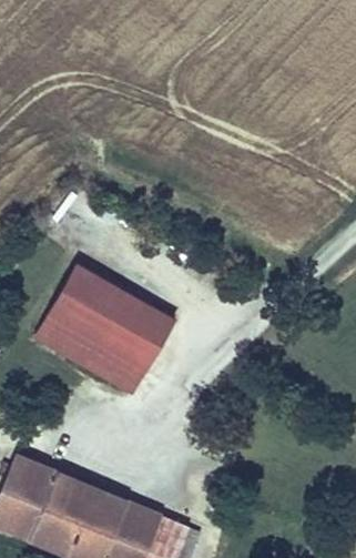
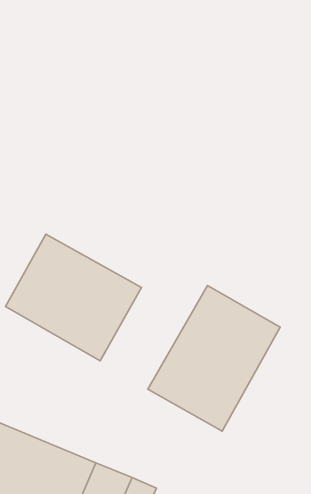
building: none -> [148,285,280,431]

